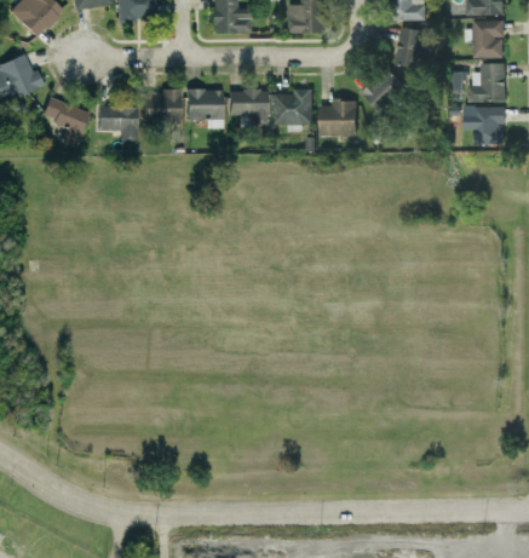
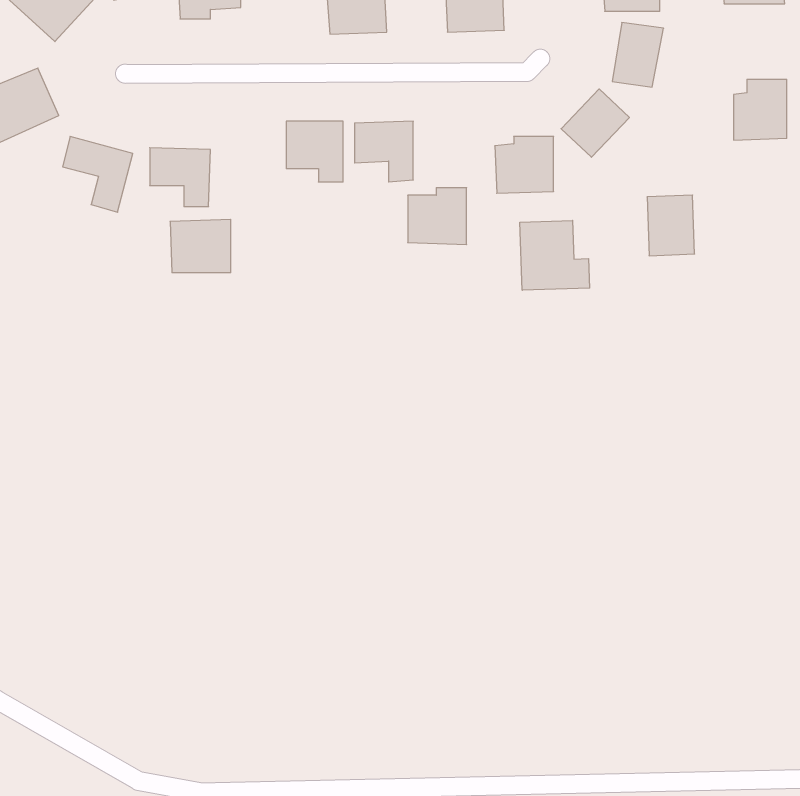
building: [472,18,504,57] -> none
building: [275,87,312,123] -> [408,188,467,245]
building: [143,90,182,123] -> [170,219,231,273]
building: [475,104,505,143] -> [647,195,695,256]
building: none -> [520,220,590,290]

